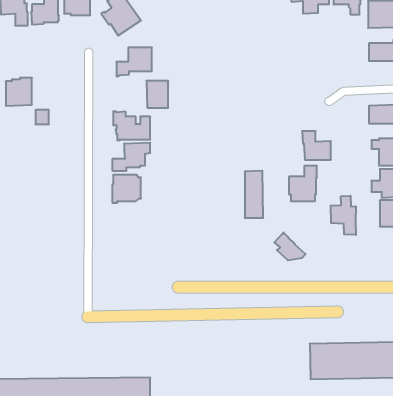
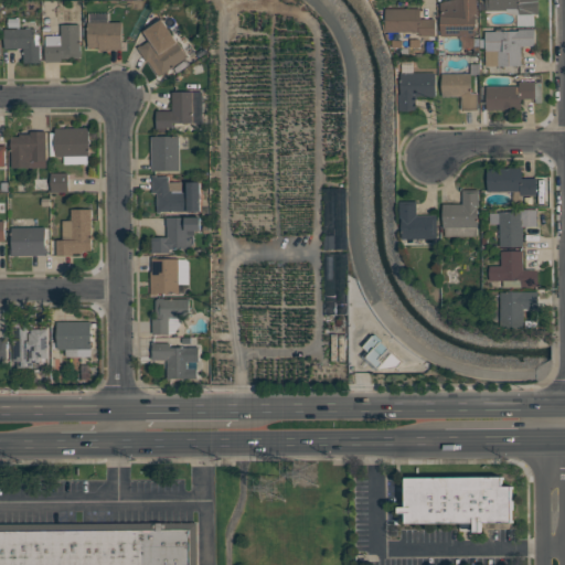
building: none -> [398,62,436,110]
building: none -> [440,73,478,110]
building: none -> [49,128,89,163]
building: [146,81,168,108] -> [150,136,179,171]
building: none -> [56,209,92,255]
building: none -> [10,226,46,256]
building: [289,166,317,201] -> [441,190,478,236]
building: [331,196,356,235] -> none
building: none -> [151,298,189,334]
building: none -> [56,321,92,356]
building: none -> [12,322,49,367]
building: none -> [151,342,199,379]

